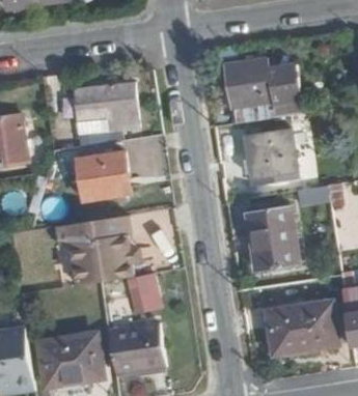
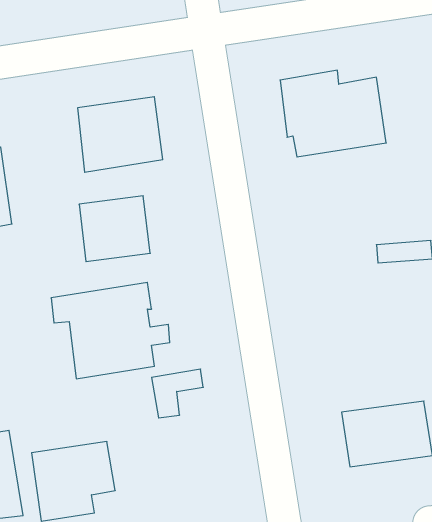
building: [246,130,298,179] -> none
building: [248,206,298,272] -> none
building: [108,324,164,375] -> none

